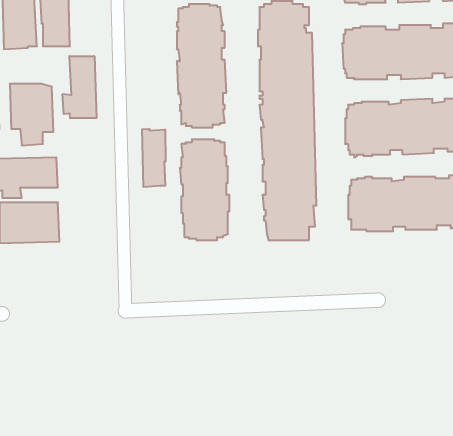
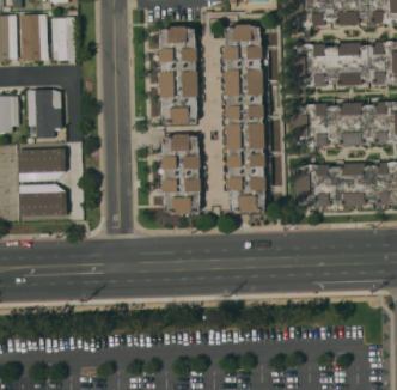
building: [63,56,97,118] -> none
building: [142,129,165,187] -> none

